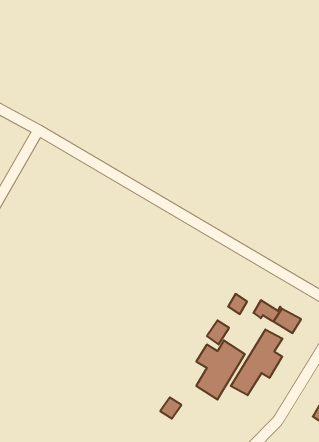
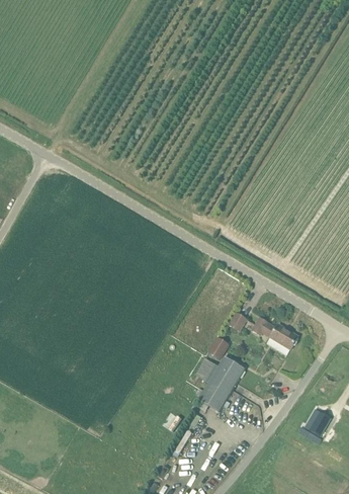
building: [231,329,282,395] -> none

